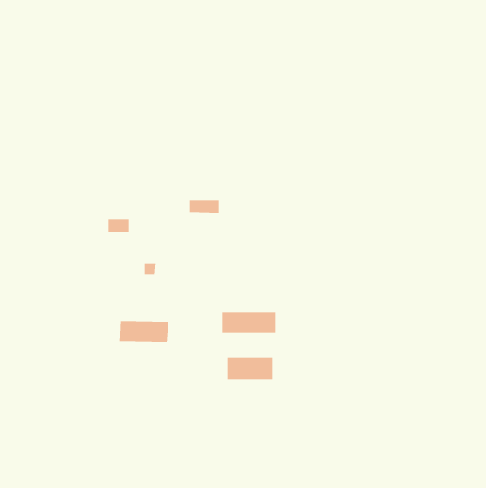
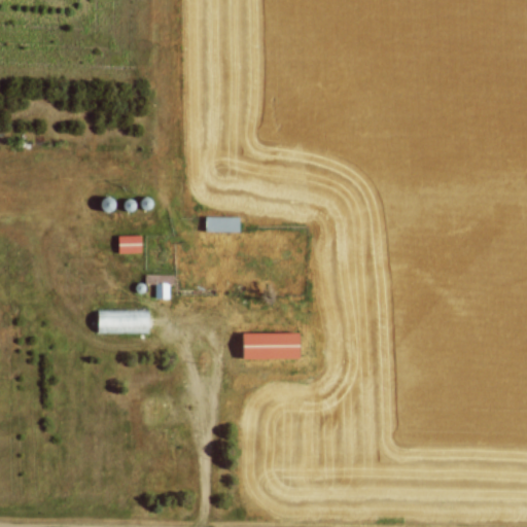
building: [119,321,169,343] -> [97,310,150,333]
building: [227,357,273,380] -> none

